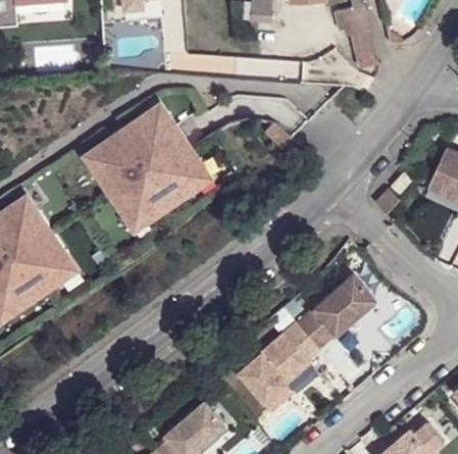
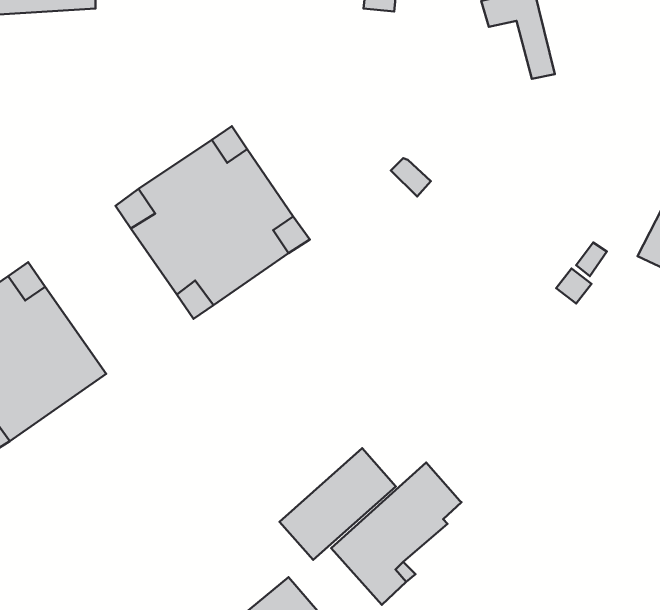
building: [293,276,370,351] -> [280,448,396,560]

